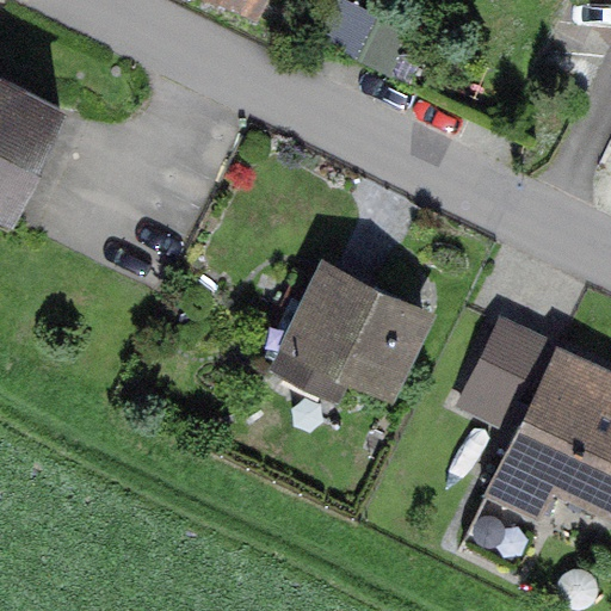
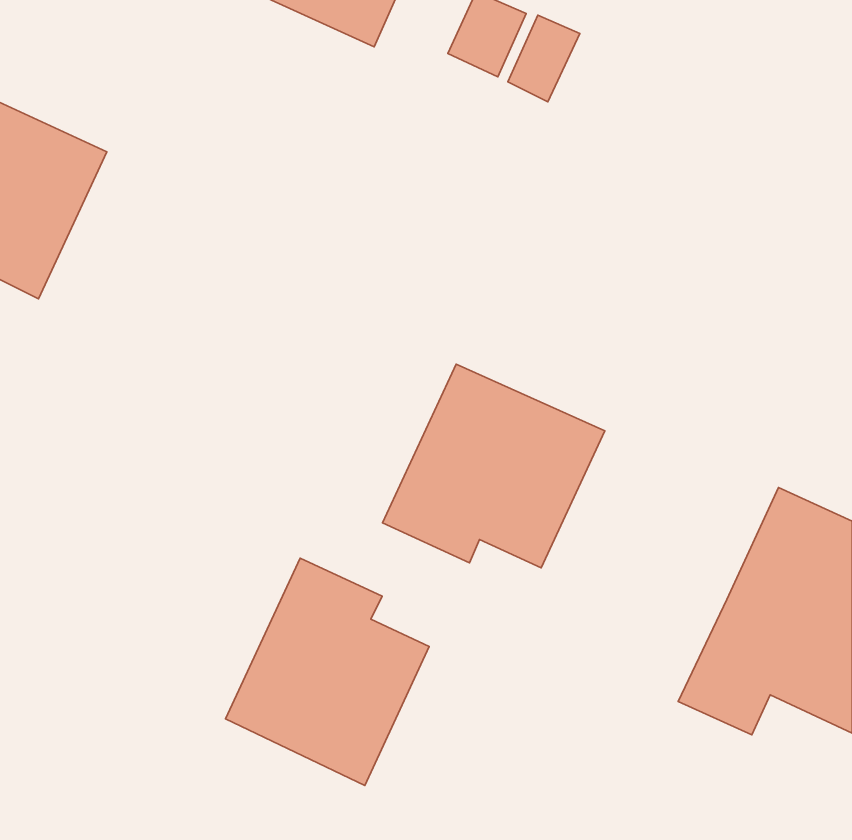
building: [457,315,558,428] -> none
building: none -> [226,558,429,785]

